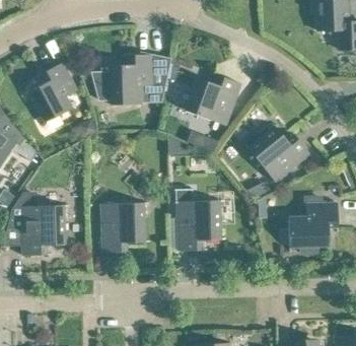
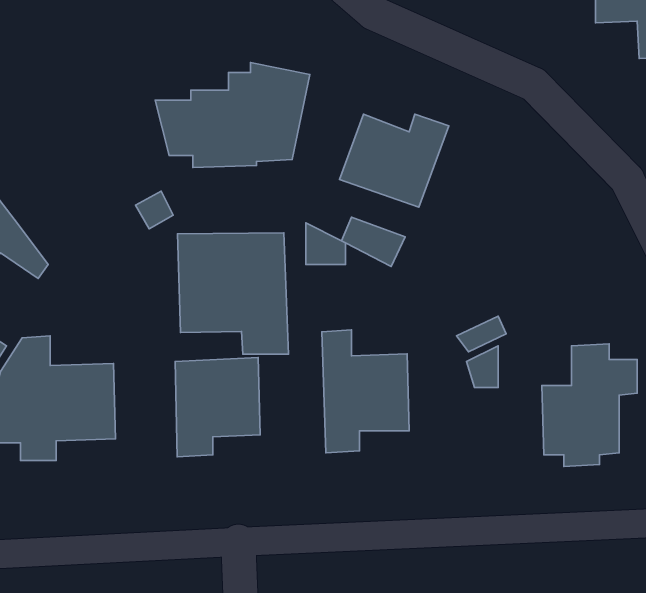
building: [28,62,77,122] -> none
building: [244,122,309,181] -> none
building: none -> [177,233,288,354]

